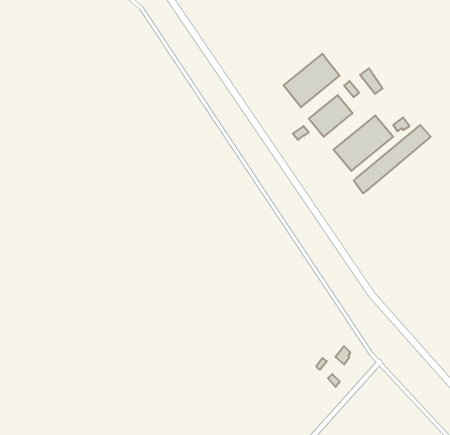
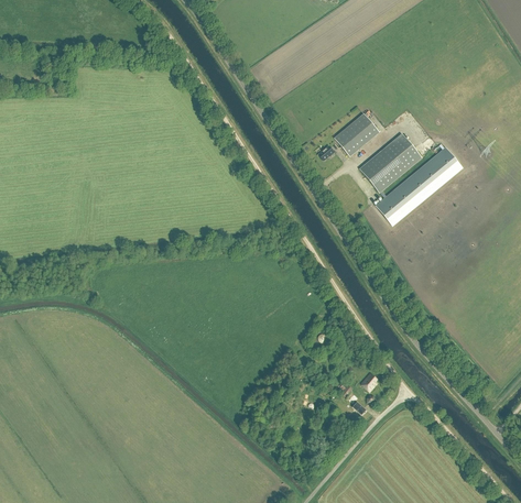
building: [284,54,340,107] -> none

